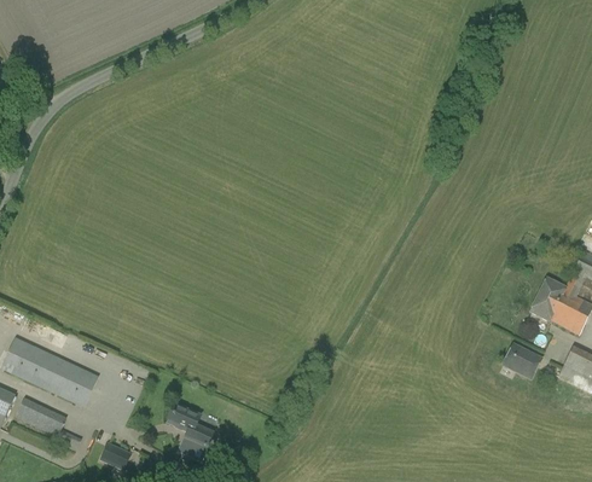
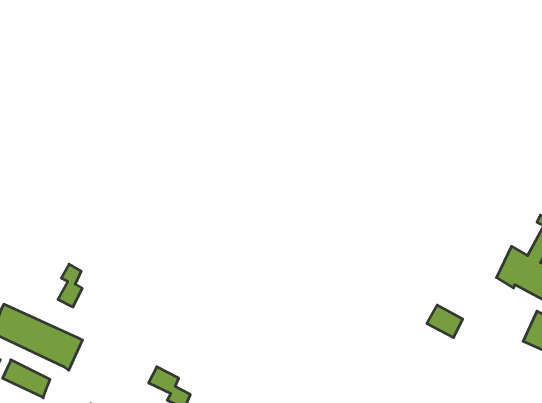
building: none -> [58,264,82,307]
building: [501,343,539,377] -> [427,305,463,338]

